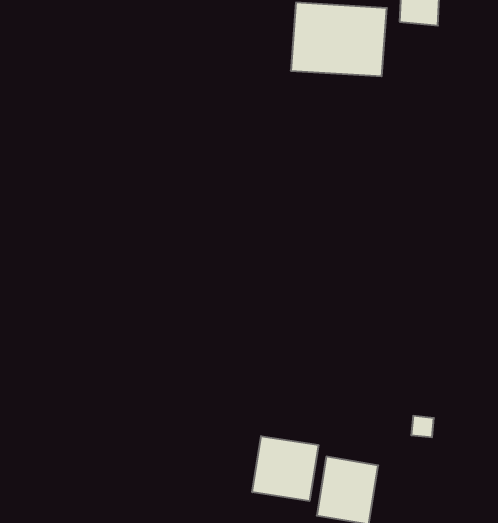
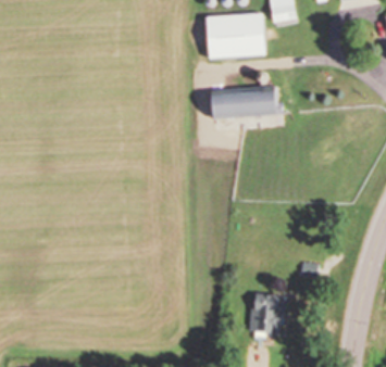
building: none -> [209,89,277,118]
building: [252,436,318,501] -> none

